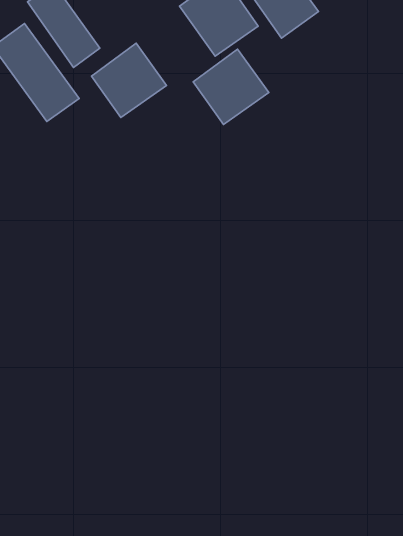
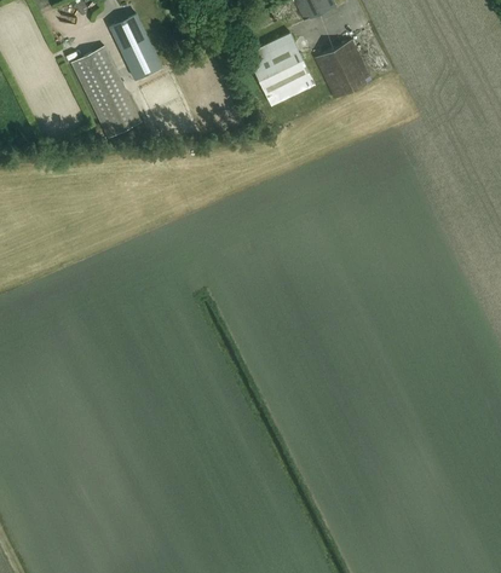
building: [92,43,167,118] -> none
building: [193,49,269,125] -> none

